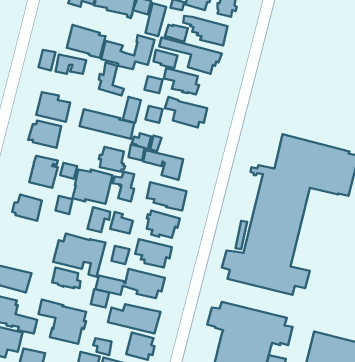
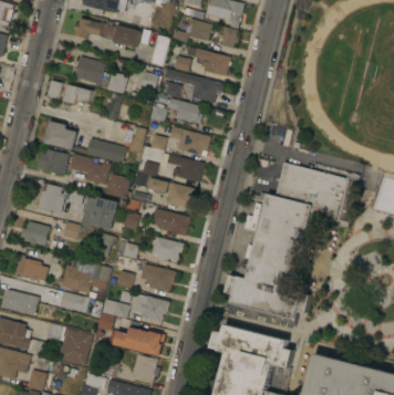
building: none -> [69,154,110,186]
building: none -> [168,156,203,183]
building: none -> [14,256,48,281]

